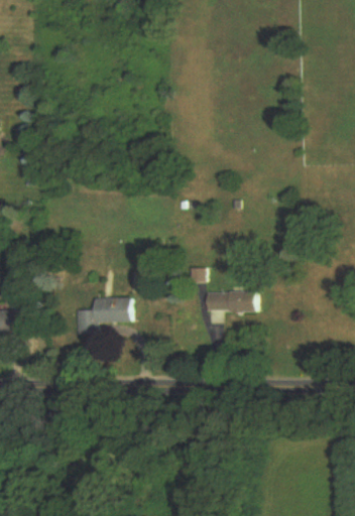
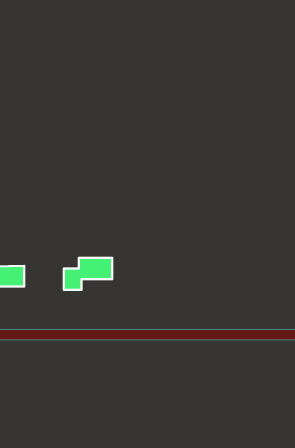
building: [205,291,255,311] -> none

